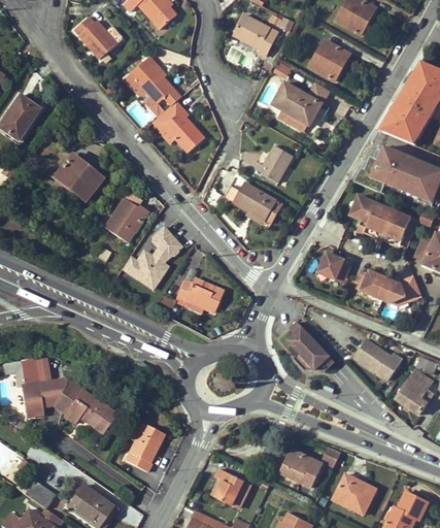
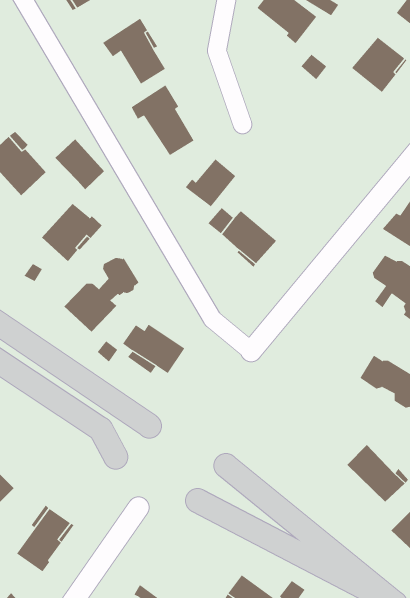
building: [272,81,330,135] -> none
building: [257,145,293,182] -> [185,158,236,207]
building: none -> [55,139,105,190]
building: [317,255,348,286] -> none
building: [286,322,334,370] -> none

